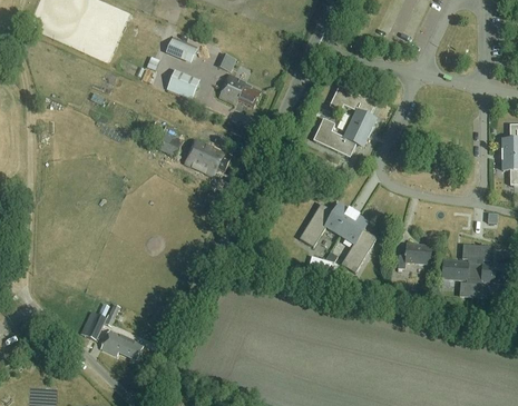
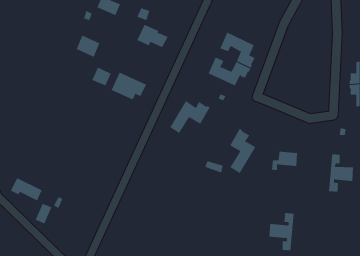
building: [167,68,199,98] -> [76,35,100,57]
building: [301,202,355,247] -> [170,100,210,134]
building: [443,245,478,296] -> [269,213,294,251]
building: [101,328,145,359] -> [10,178,43,201]

